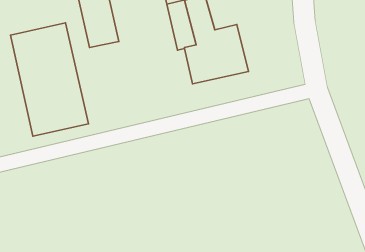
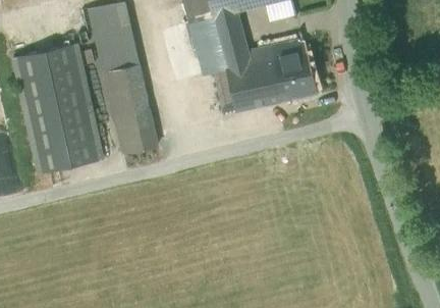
building: none -> [273,38,318,99]
building: none -> [104,64,157,154]

